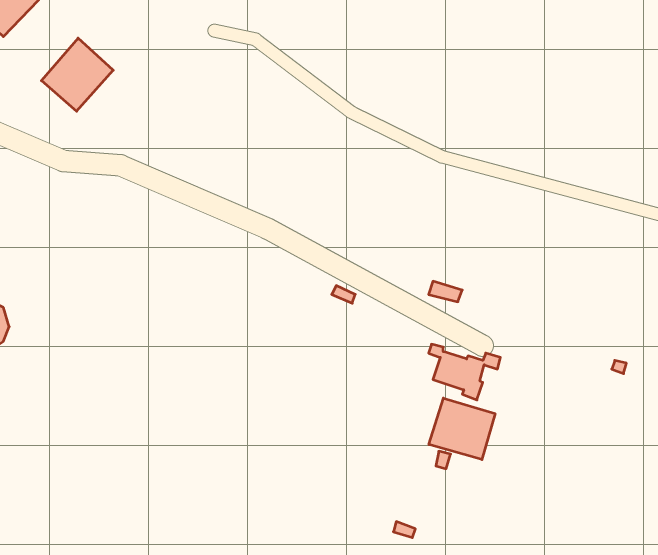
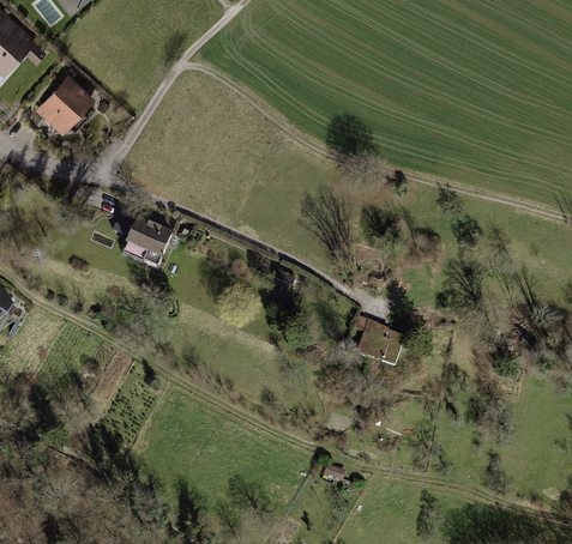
building: none -> [124,219,171,262]
building: [429,398,495,460] -> none

